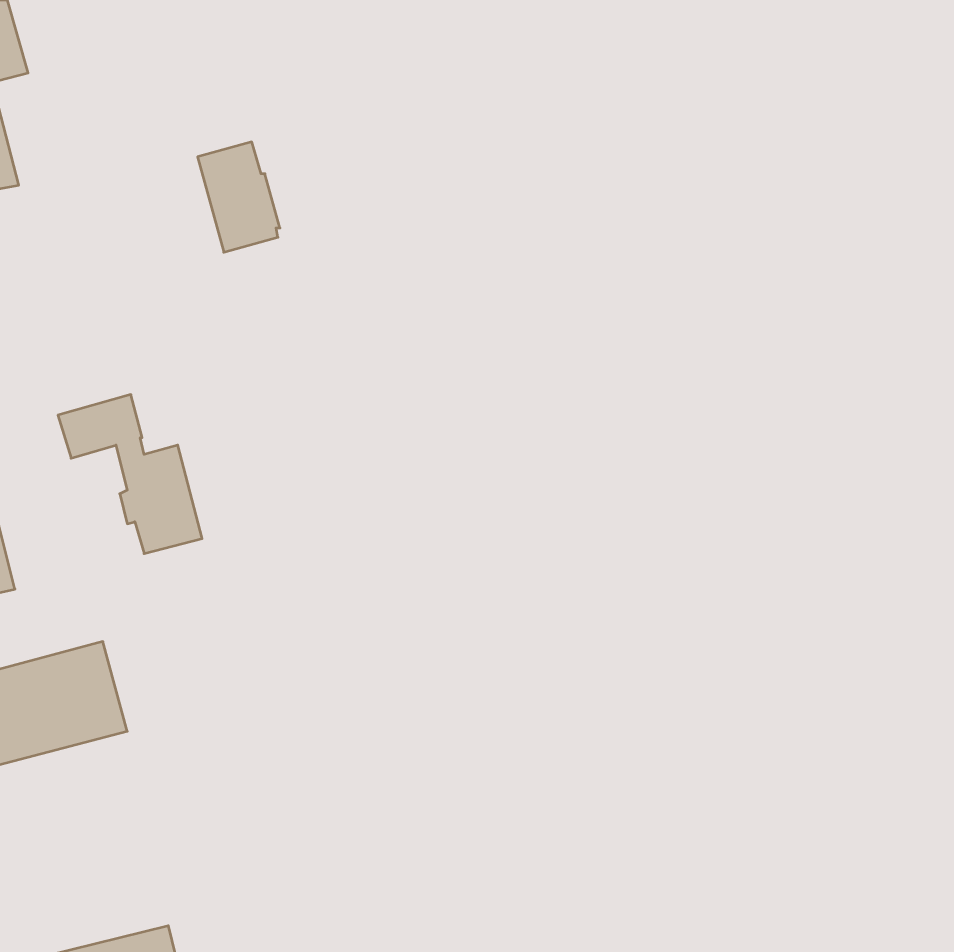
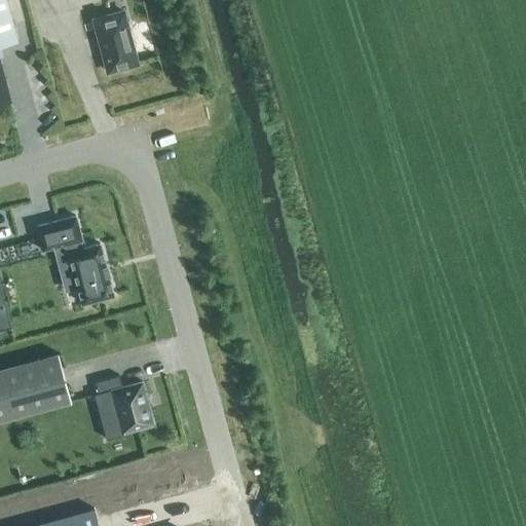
building: [198,142,280,252] -> [91,13,137,74]
building: none -> [93,378,152,435]

